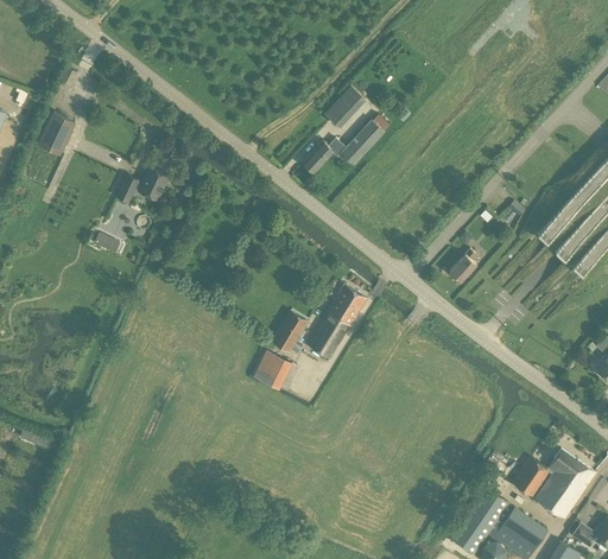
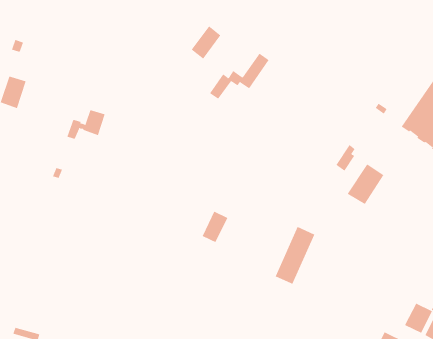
building: [324,85,365,127] -> [191,26,221,59]
building: none -> [347,163,384,205]
building: [308,286,365,358] -> [275,226,315,285]
building: [253,349,292,388] -> none

